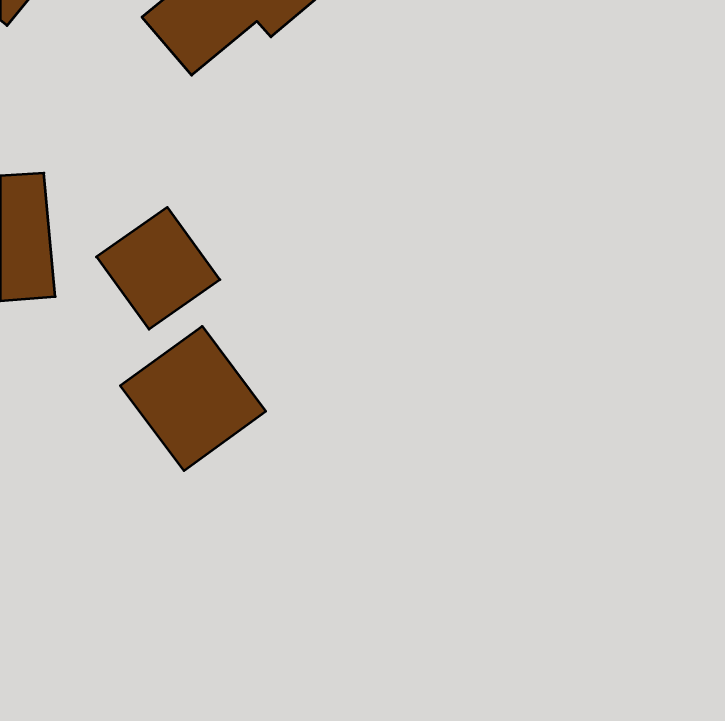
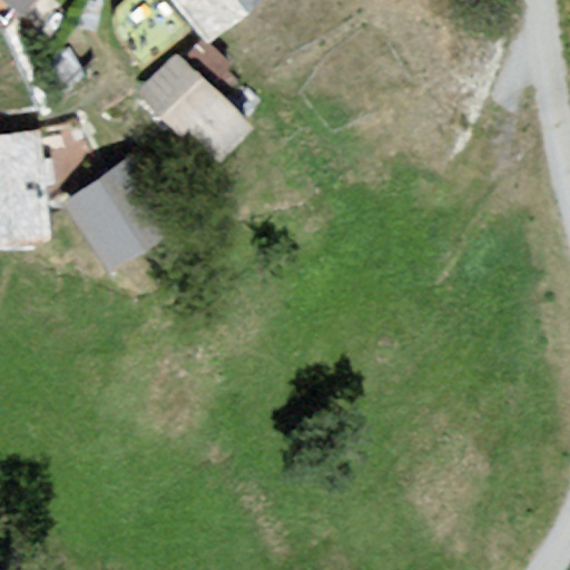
building: none -> [144,55,247,151]
building: [120,326,266,471] -> none

